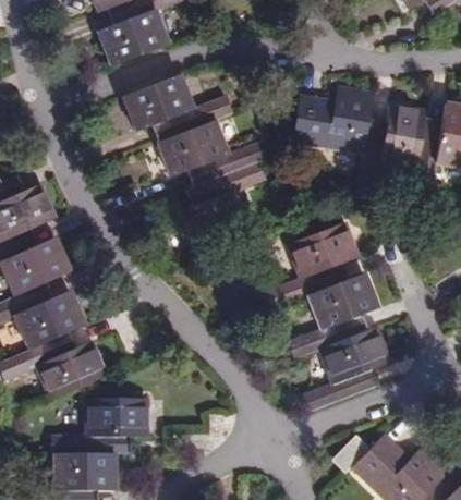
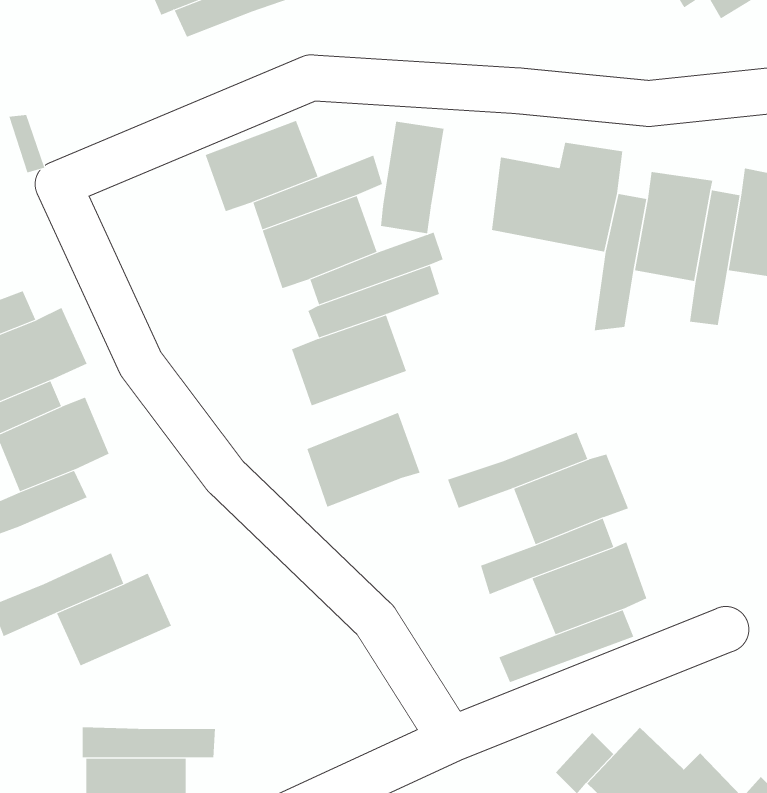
building: [99,9,168,65] -> none
building: none -> [381,121,444,234]
building: [290,219,357,276] -> [307,412,420,508]
building: [15,291,85,349] -> none
building: [86,397,147,435] -> none

